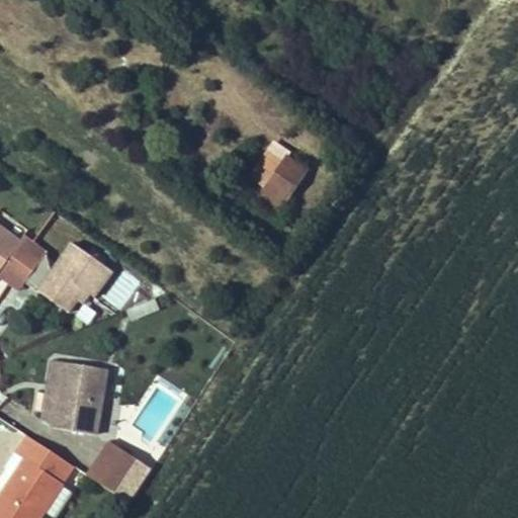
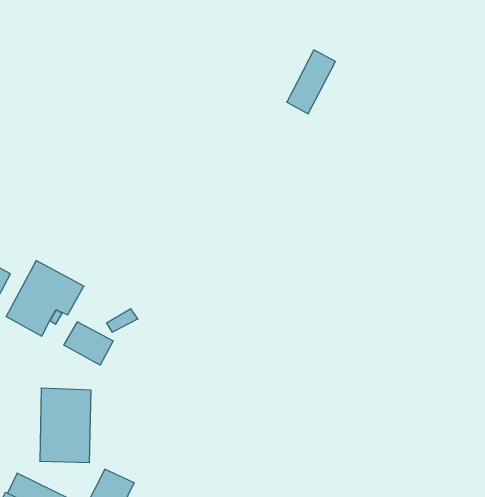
building: [256,155,306,212] -> [287,50,335,114]
building: none -> [64,322,113,365]

